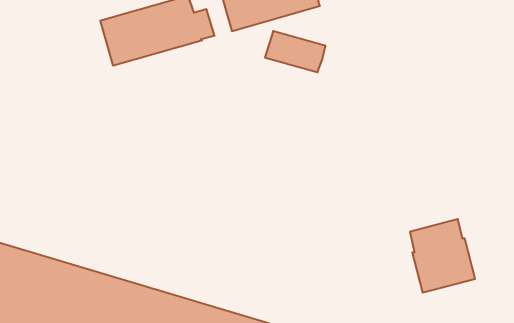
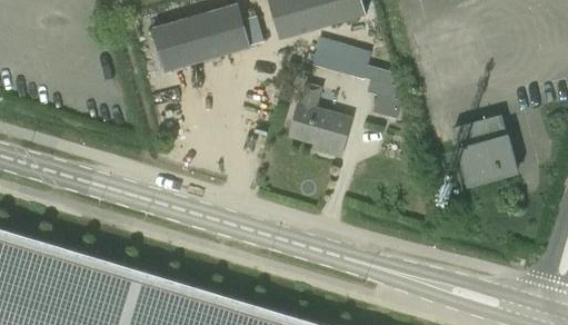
building: none -> [362,66,399,118]
building: none -> [288,85,349,156]
building: [410,219,475,292] -> [454,115,517,186]

